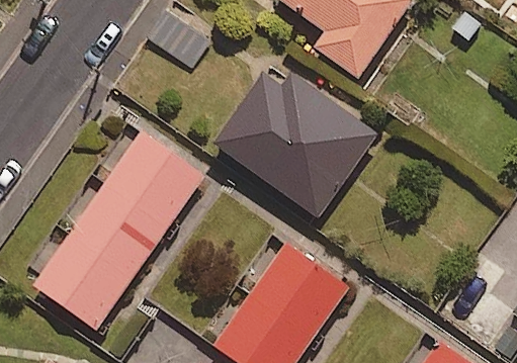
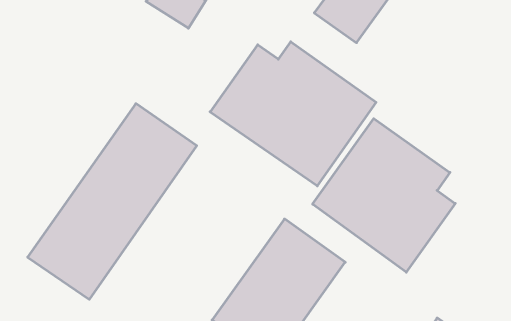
building: none -> [313,119,455,272]

